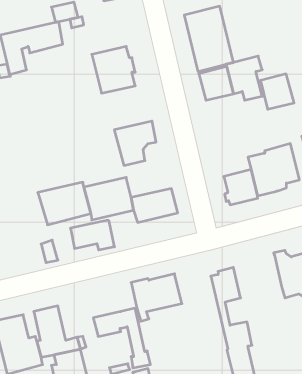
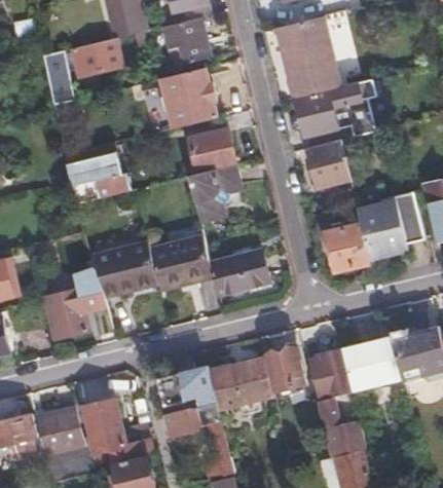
building: none -> [164,15,212,63]
building: [260,74,294,109] -> [307,140,350,185]
building: none -> [191,132,234,170]
building: none -> [64,141,132,195]
building: none -> [48,290,91,339]
building: [70,220,115,250] -> [159,369,216,407]
building: none -> [346,335,401,386]
building: none -> [267,348,305,390]

